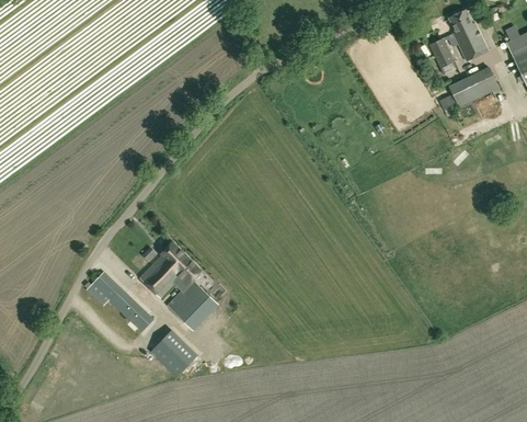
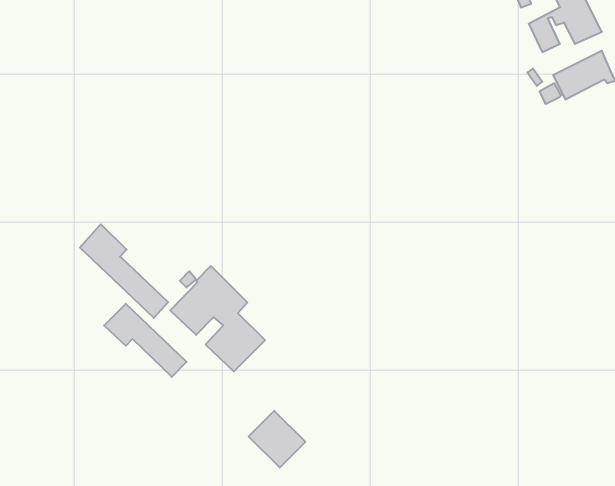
building: none -> [80,224,168,318]
building: [151,330,197,376] -> [249,411,305,468]

